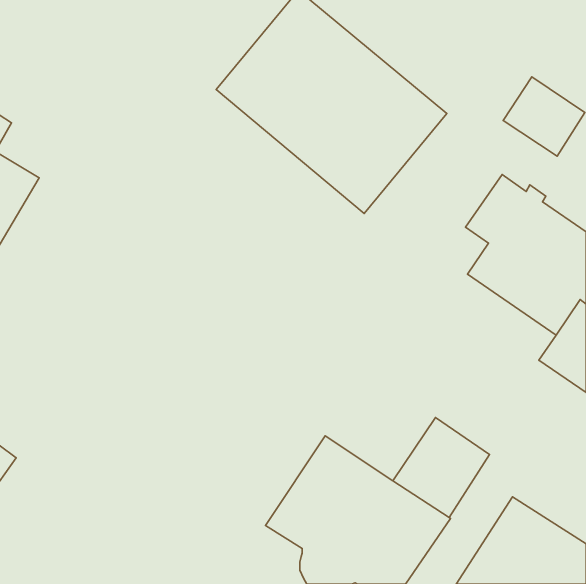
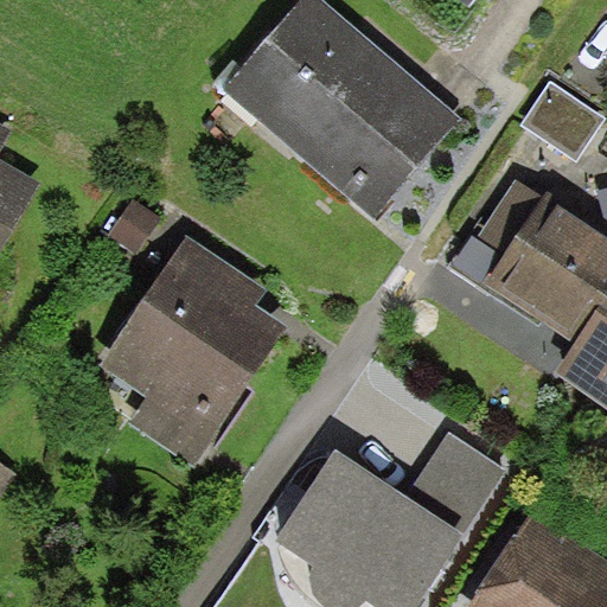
building: none -> [101,235,287,466]

